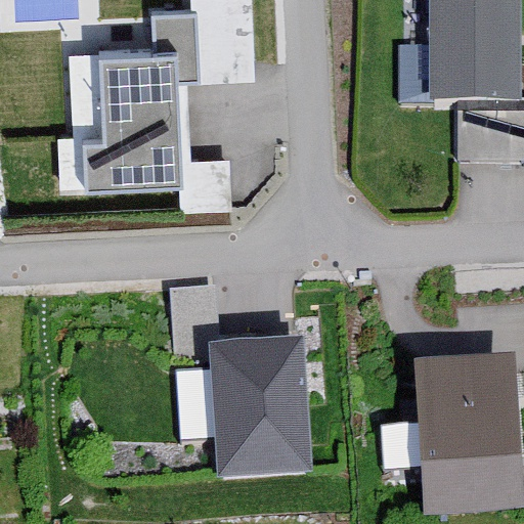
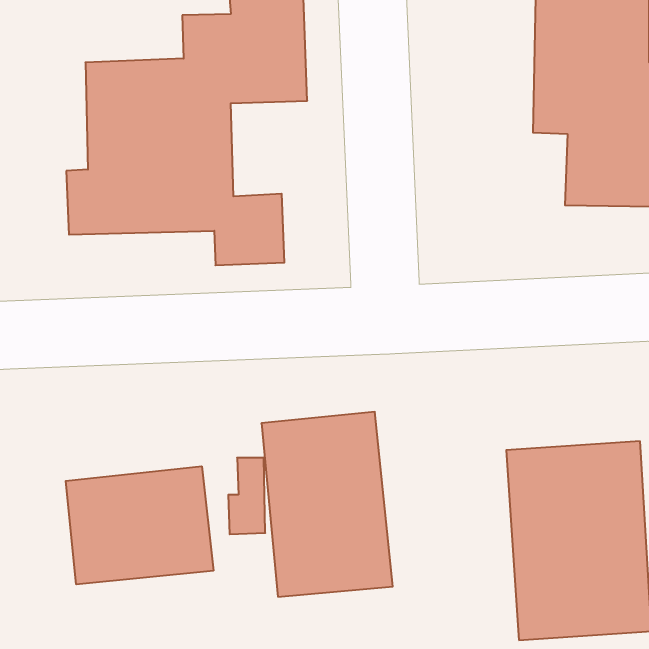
building: none -> [66,466,213,584]

